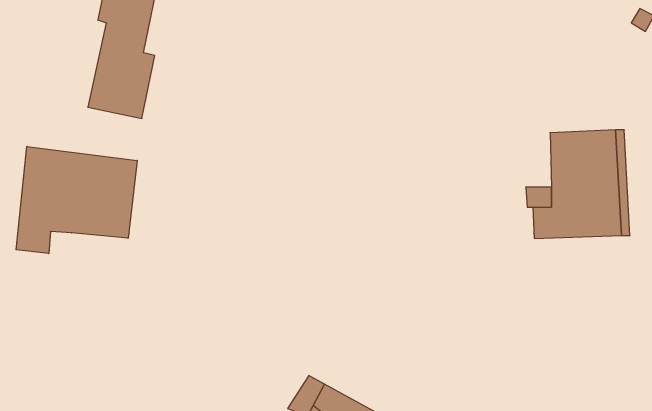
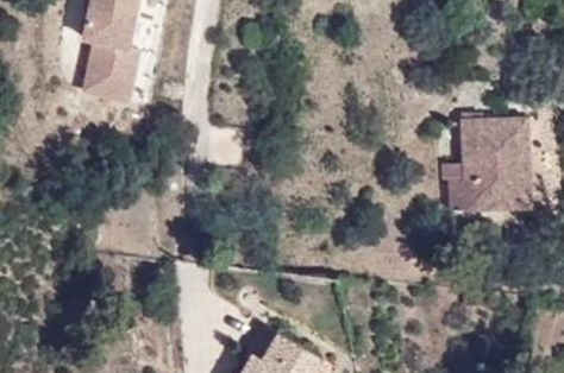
building: [16,146,137,254] -> none

